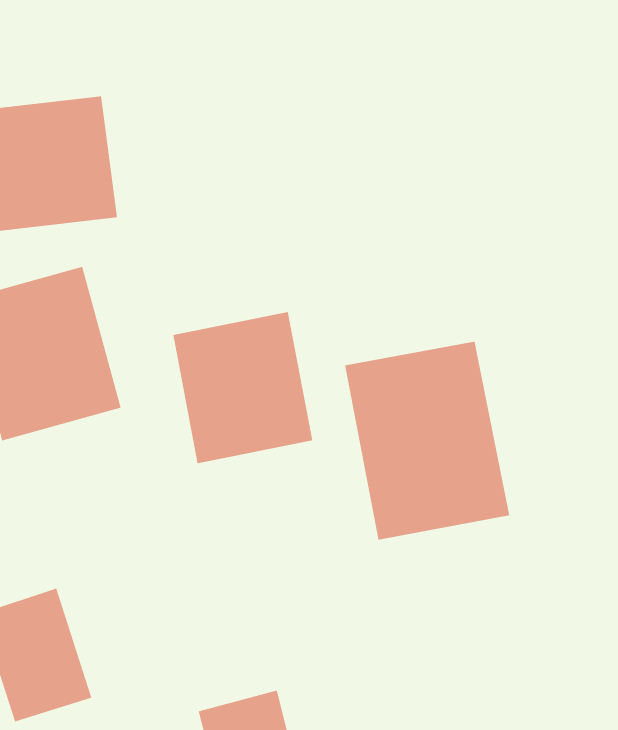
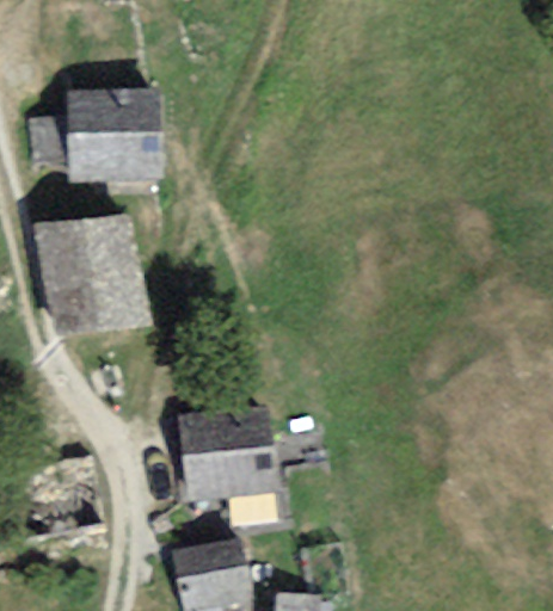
building: [172,312,313,464] -> [178,397,275,504]
building: [345,341,510,540] -> none

